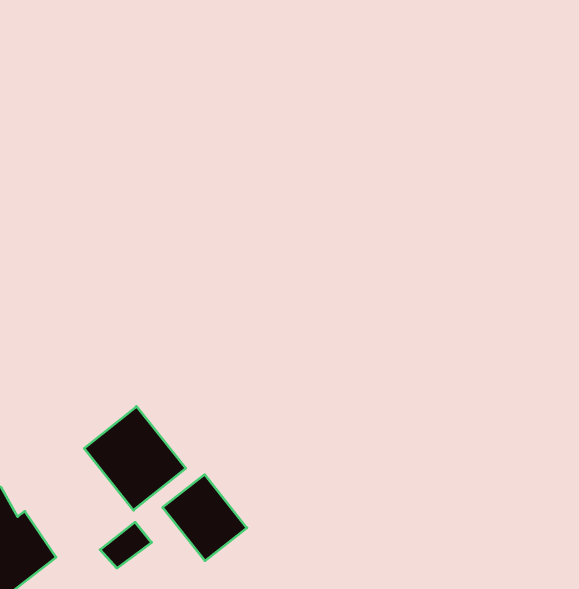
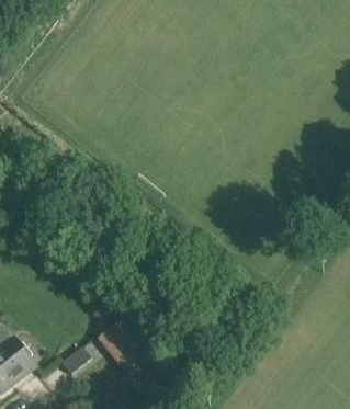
building: [84,406,186,510] -> none

